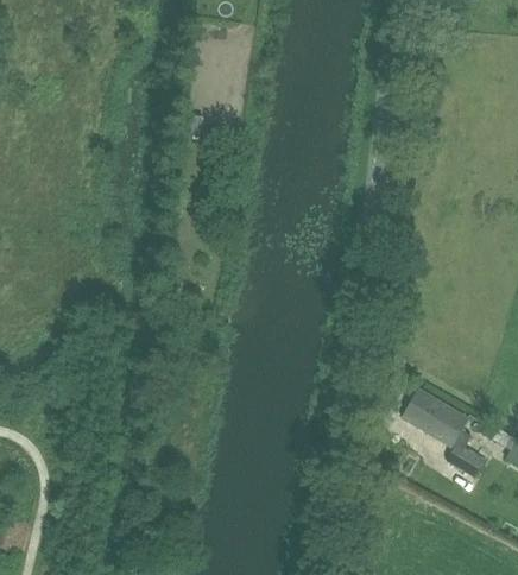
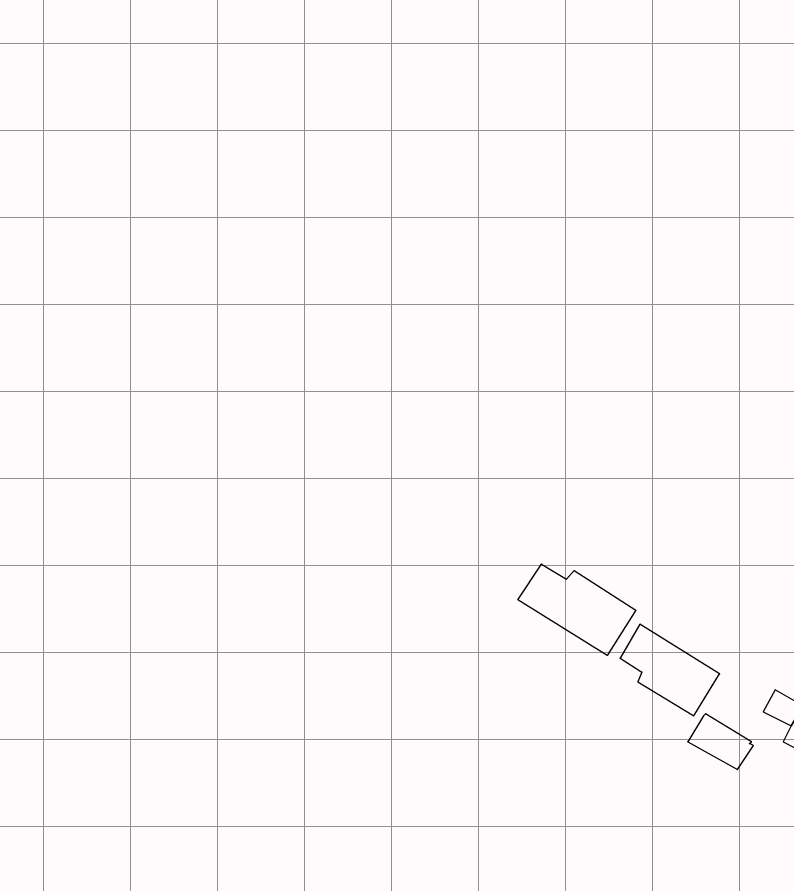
building: none -> [518,564,636,655]

